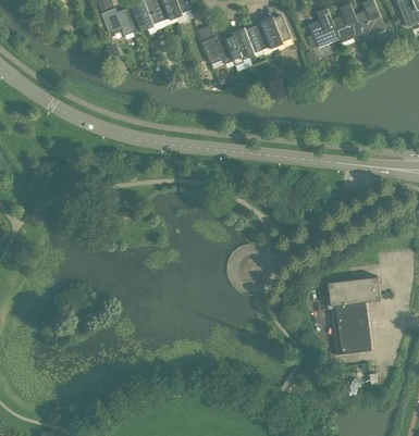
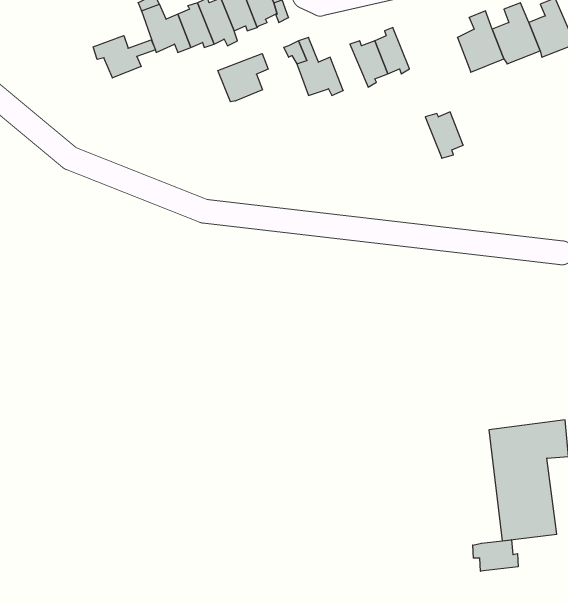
building: [264,15,289,46] -> [425,112,463,158]
building: none -> [93,36,155,78]
building: [223,29,248,65] -> none
building: none -> [218,54,268,102]
building: none -> [473,540,518,571]

